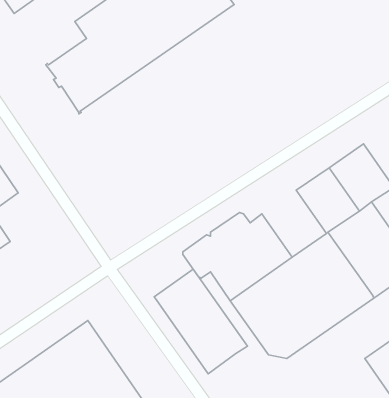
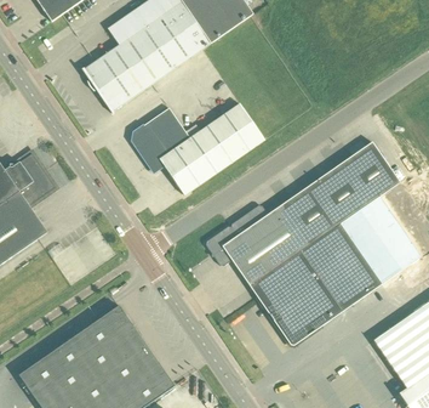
building: none -> [132,103,270,195]
building: none -> [279,185,338,246]
building: [154,269,247,374] -> none

